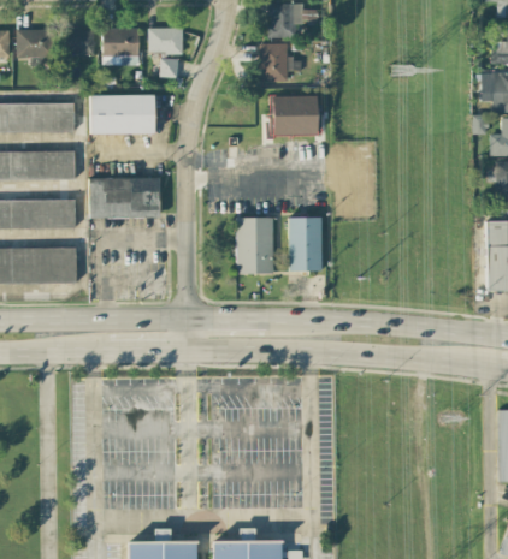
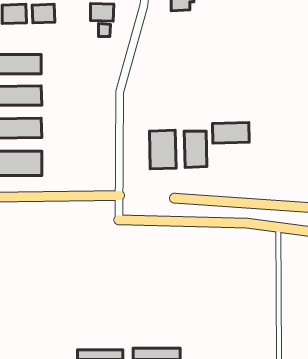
building: [102,28,140,65] -> none
building: [261,43,302,82] -> none
building: [90,95,154,133] -> none
building: [271,96,318,136] -> none
building: [88,177,159,219] -> none
building: none -> [213,123,249,143]

